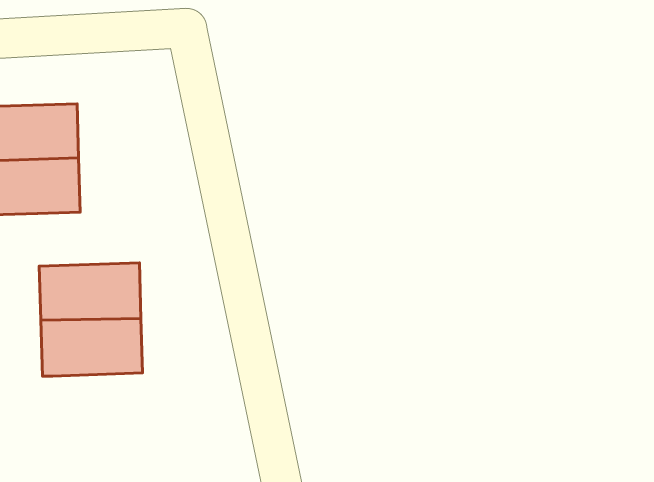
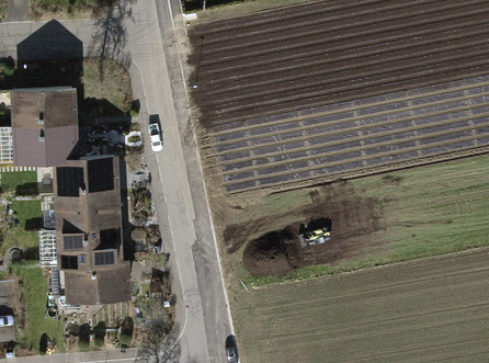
building: none -> [50,159,118,196]
building: none -> [60,268,128,306]

